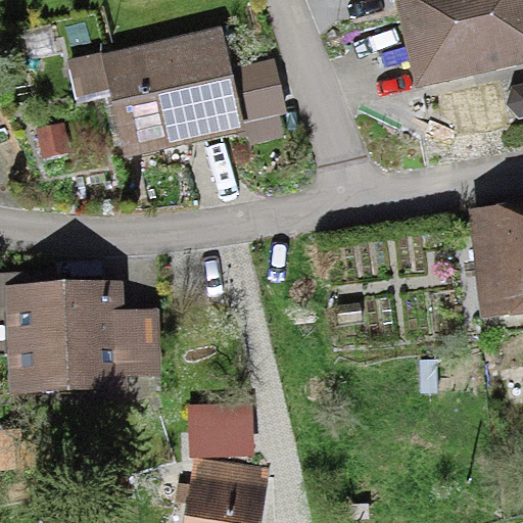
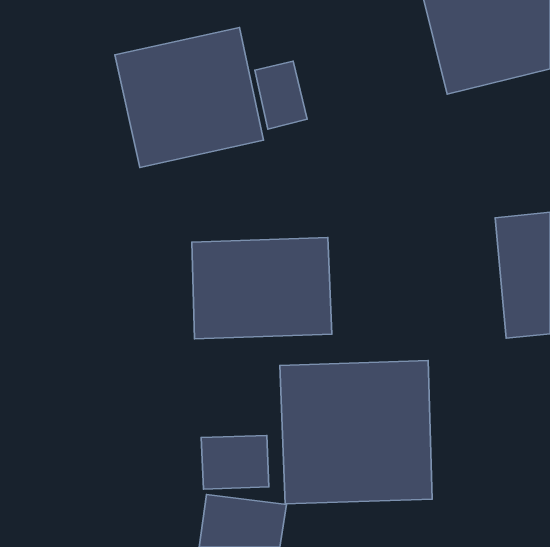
building: none -> [192,238,332,339]
building: [4,281,161,406] -> none
building: none -> [280,361,432,504]

